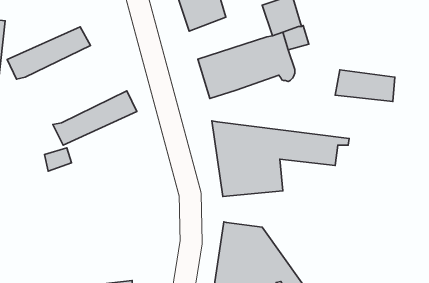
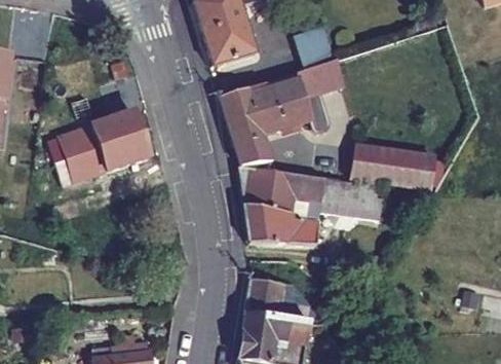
building: [7,27,90,79] -> [52,112,144,170]
building: [335,70,395,102] -> [357,148,423,183]
building: none -> [235,132,272,167]

